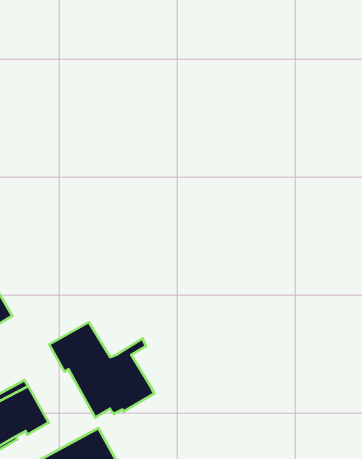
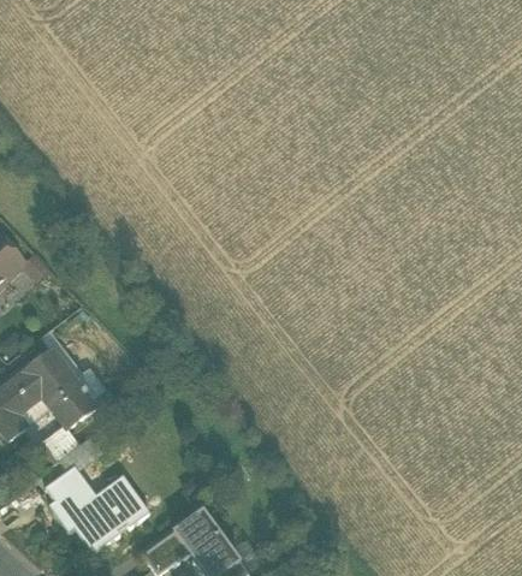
building: [49,322,154,418] -> none

